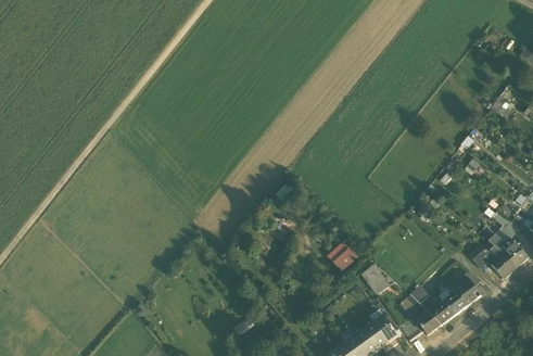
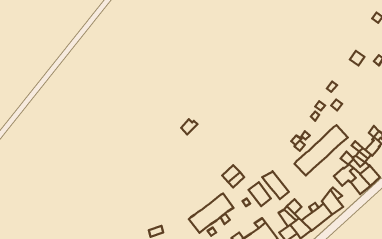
building: none -> [294,125,348,176]
building: none -> [262,171,289,199]
building: none -> [189,194,234,233]

